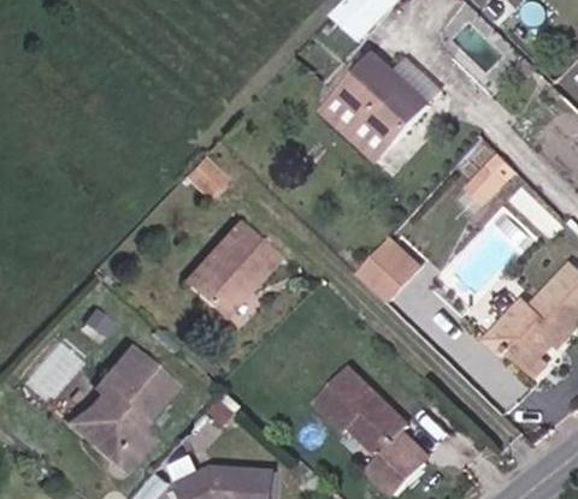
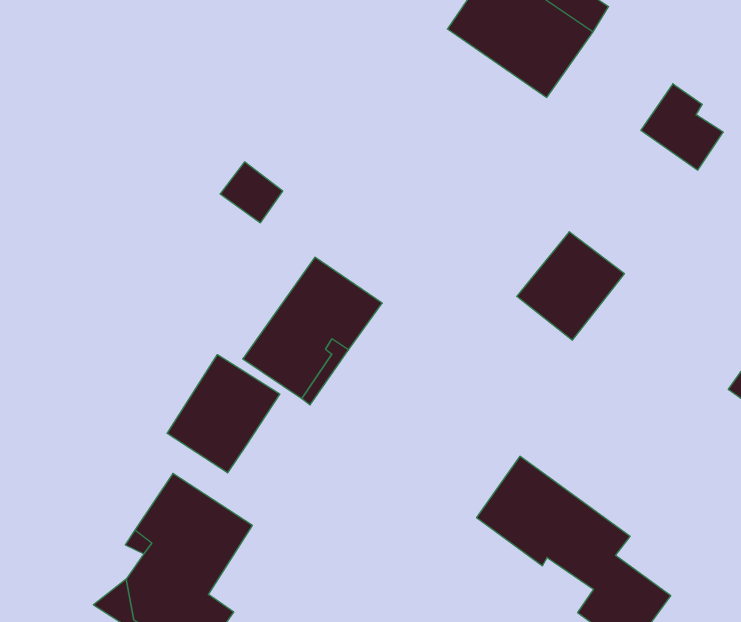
building: [320,90,394,160] -> none
building: none -> [167,355,280,473]

